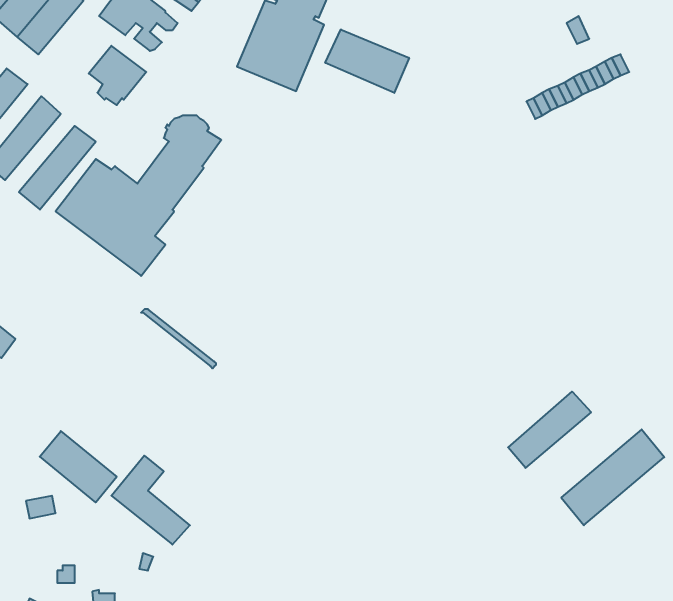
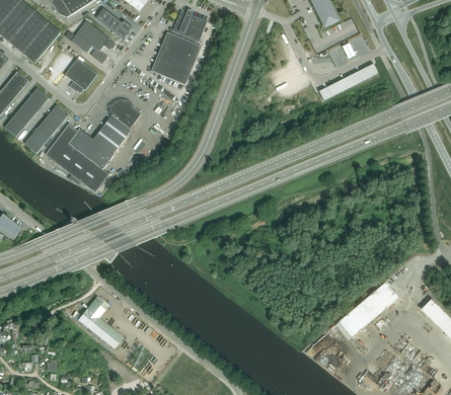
building: [325,29,409,93] -> none
building: [508,392,591,468] -> none
building: [40,431,117,502] -> none

